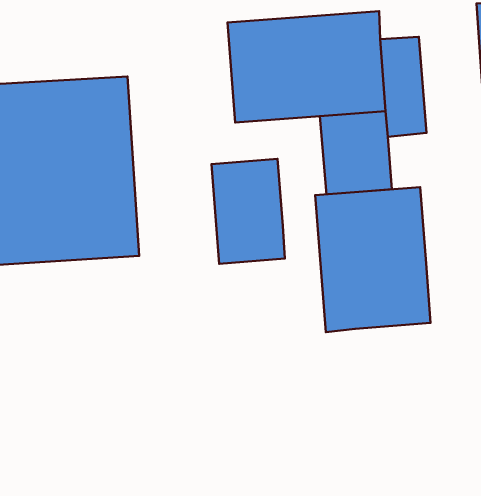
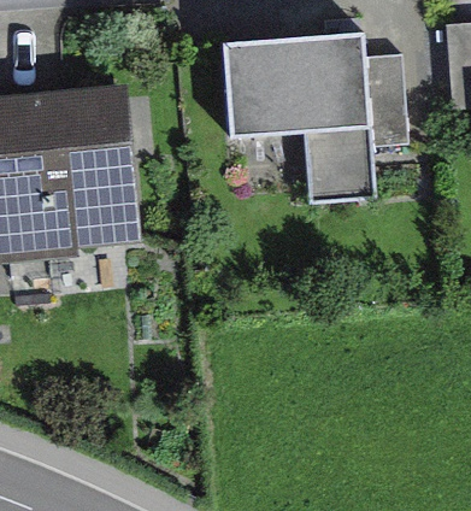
building: [212,159,285,264] -> none
building: [315,187,431,332] -> none

